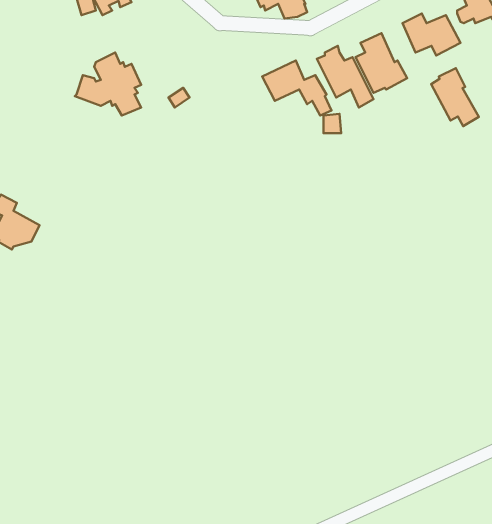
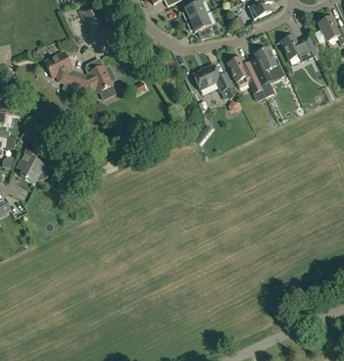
building: none -> [44,51,78,86]
building: [431,68,479,126] -> none

